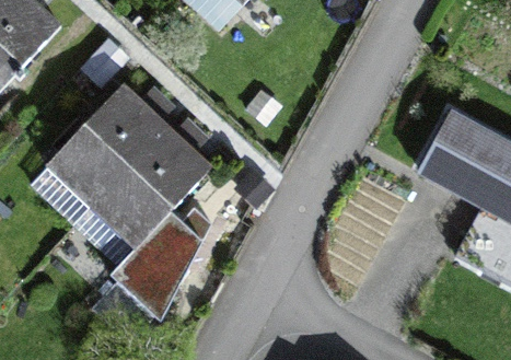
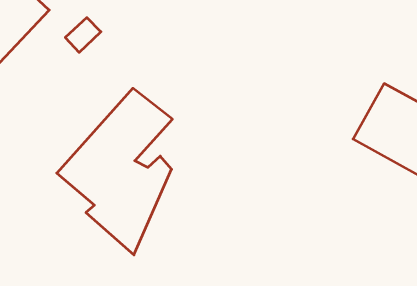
building: [27,83,161,222] -> none

